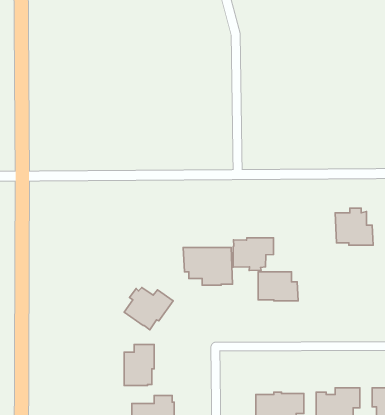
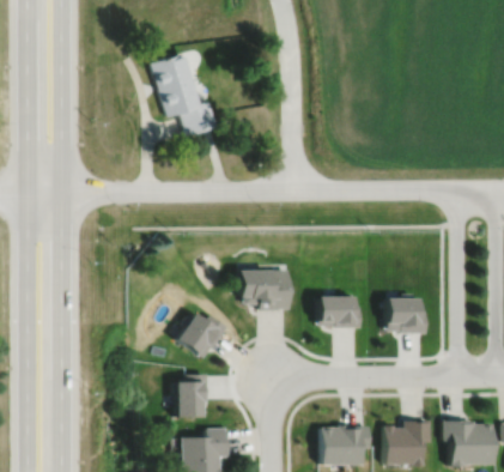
building: none -> [152,52,218,135]
building: [335,208,373,245] -> [388,294,429,333]
building: [233,238,273,270] -> none

